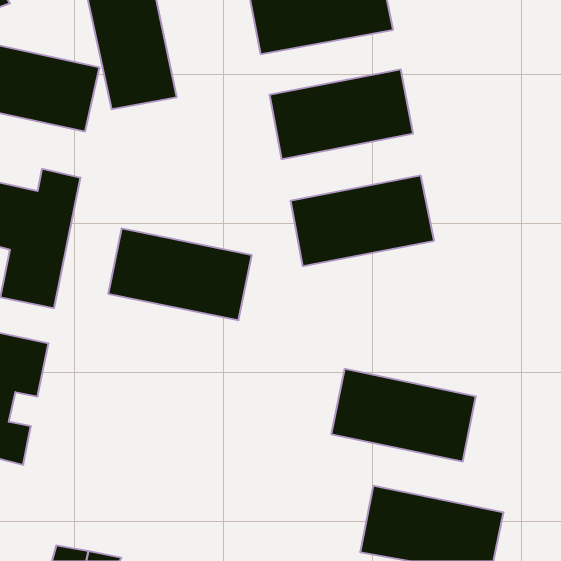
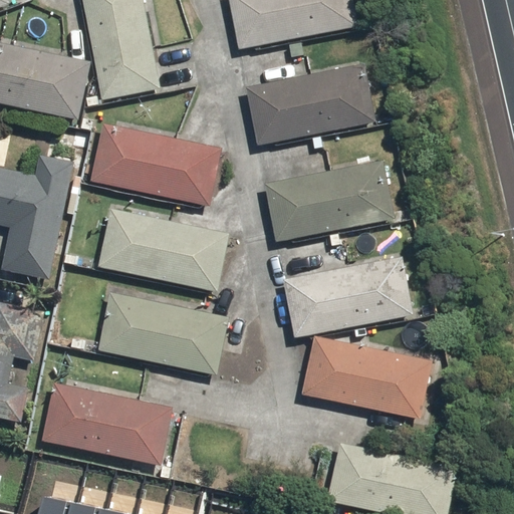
building: none -> [90,122,221,206]
building: none -> [282,256,414,337]
building: none -> [98,292,229,374]
building: none -> [41,381,172,466]

